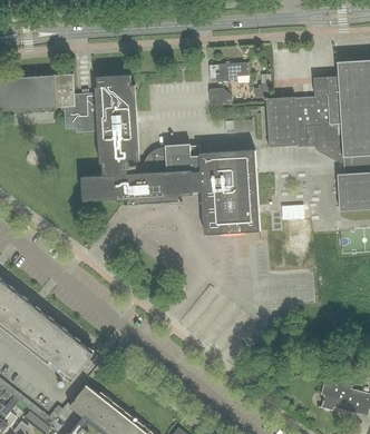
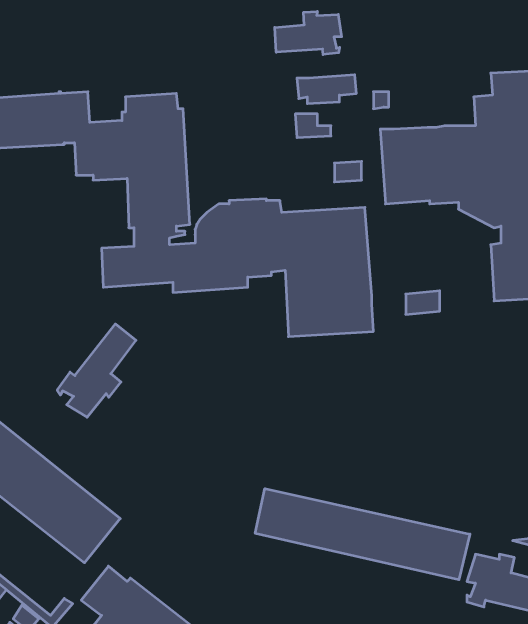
building: none -> [275,11,342,55]
building: none -> [57,324,136,417]
building: none -> [255,489,470,580]

